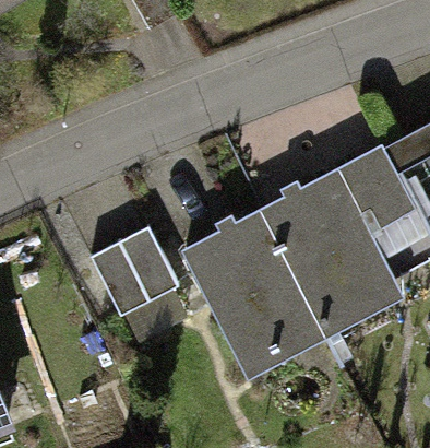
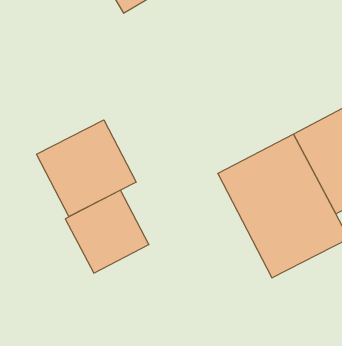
building: none -> [37,120,136,217]
building: [180,214,319,370] -> none

